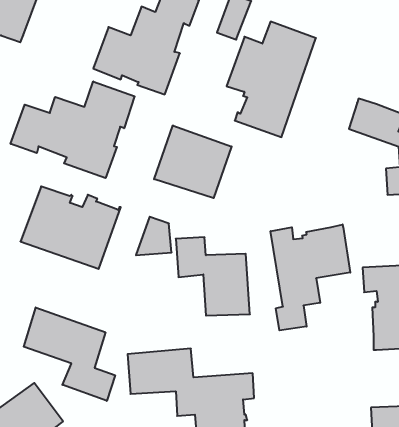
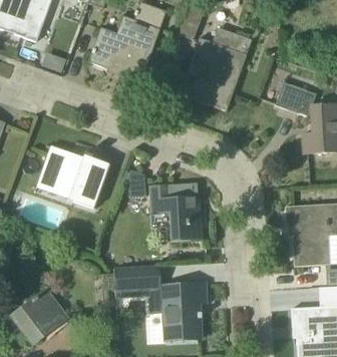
building: [11,81,135,178] -> none
building: [154,125,232,198] -> none
building: [271,224,350,330] -> none
building: [24,307,115,401] -> none

